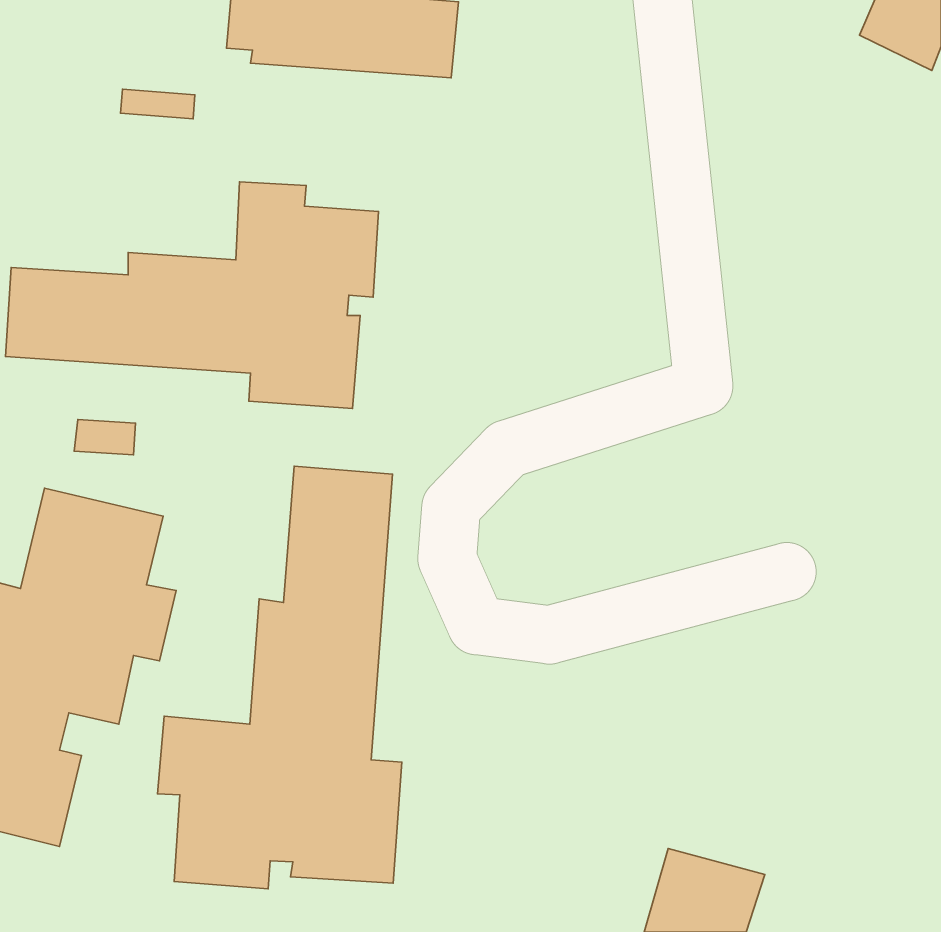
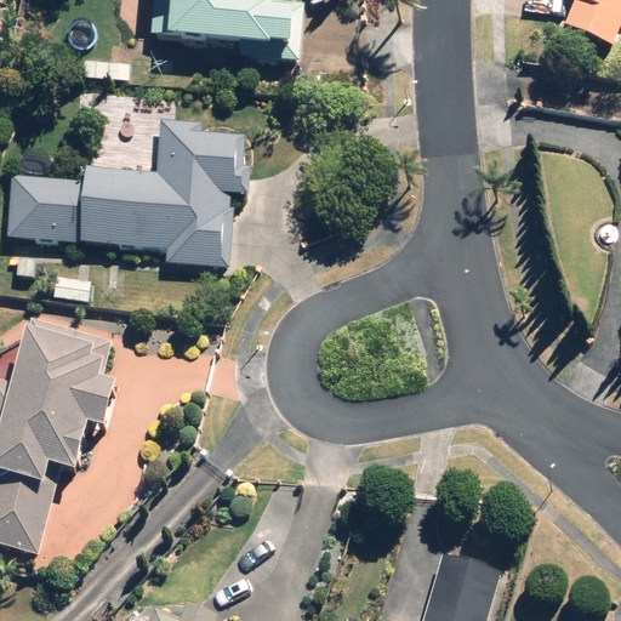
building: [157,466,402,889] -> none

